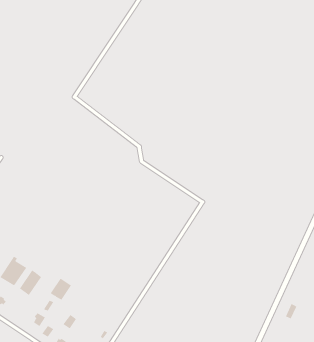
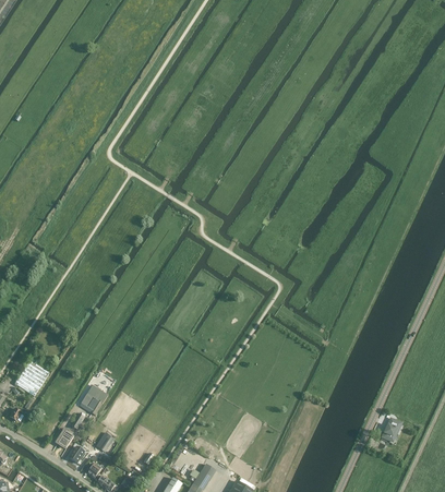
building: [19,270,42,296] -> none

